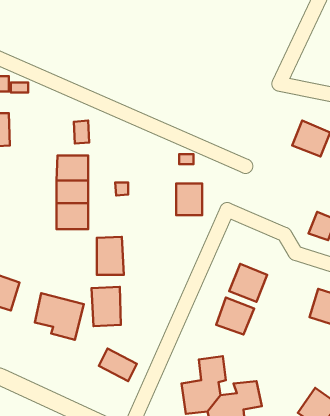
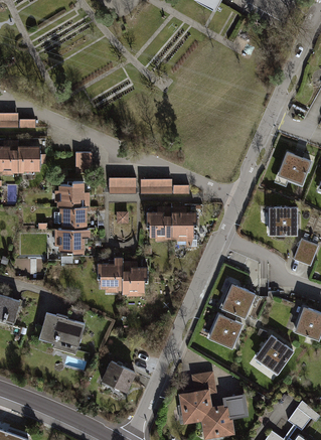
building: none -> [15,144,43,175]
building: none -> [106,175,135,192]
building: none -> [140,175,168,192]
building: none -> [270,209,297,236]
building: none -> [147,210,170,240]
building: [91,287,121,326] -> [120,259,147,295]
building: none -> [253,335,294,376]

